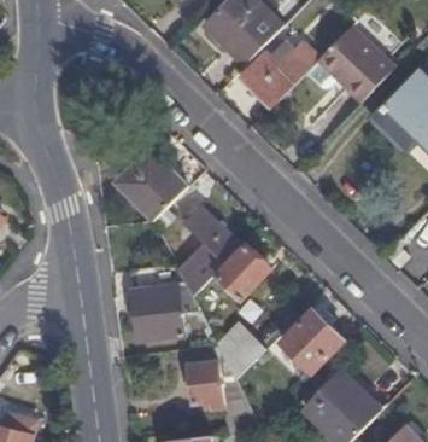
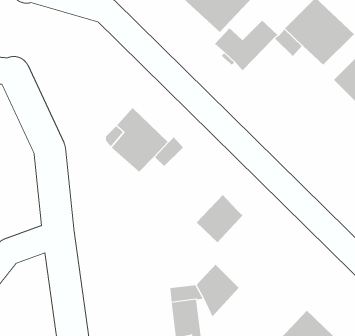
building: [180,205,240,261] -> none
building: [131,264,198,341] -> none
building: [280,309,342,372] -> none

